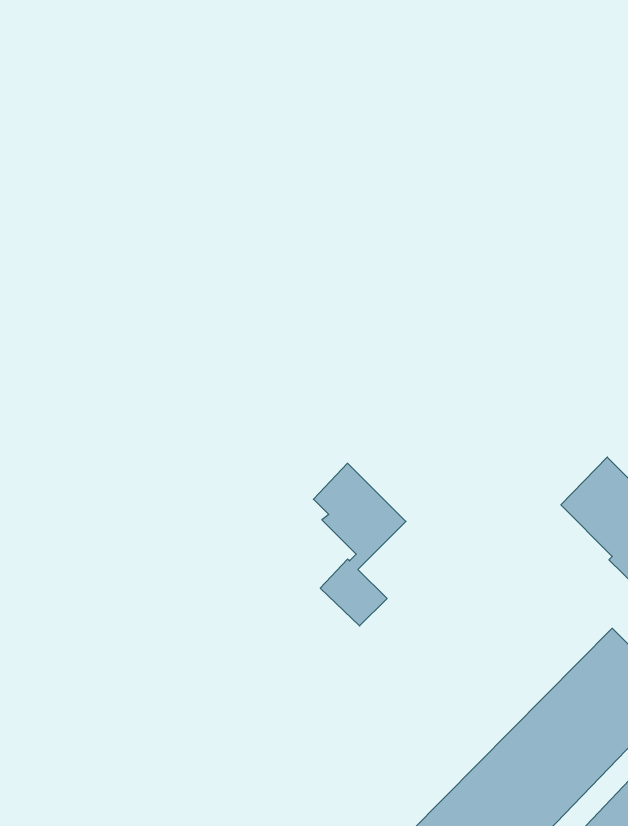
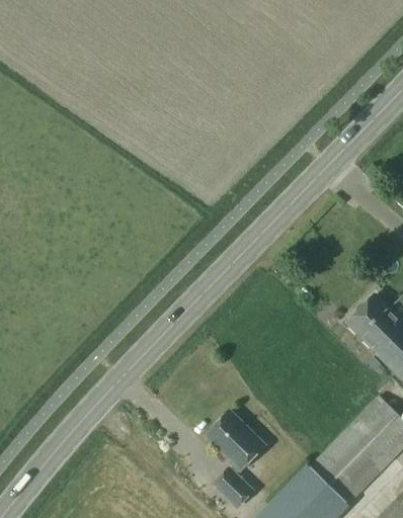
building: [313,463,406,626] -> [209,411,263,507]

